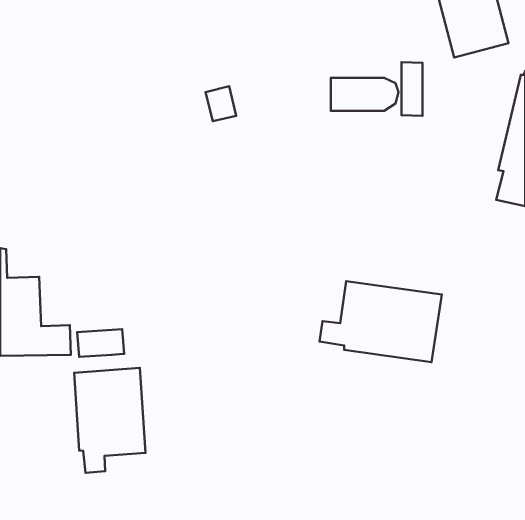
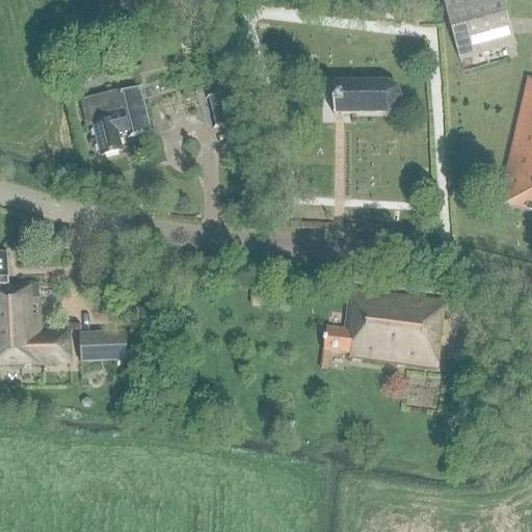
building: [402,62,423,116] -> none
building: none -> [87,85,148,153]
building: [74,368,146,473] -> none

